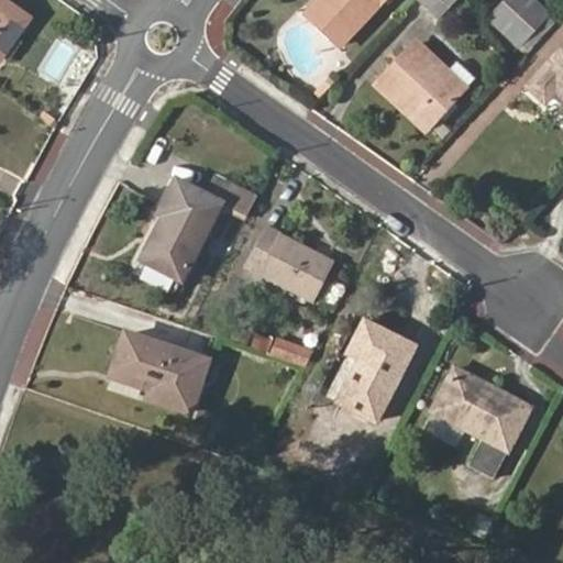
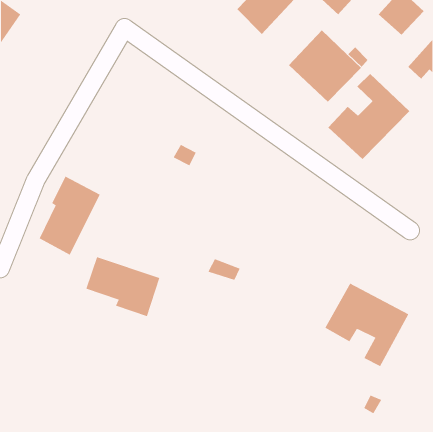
building: none -> [328,73,410,160]
building: [143,178,223,282] -> [39,176,101,256]
building: [246,225,334,302] -> none
building: [339,321,415,420] -> none

